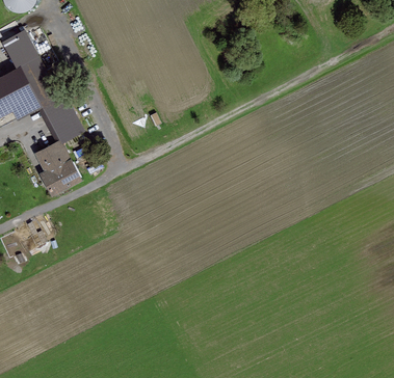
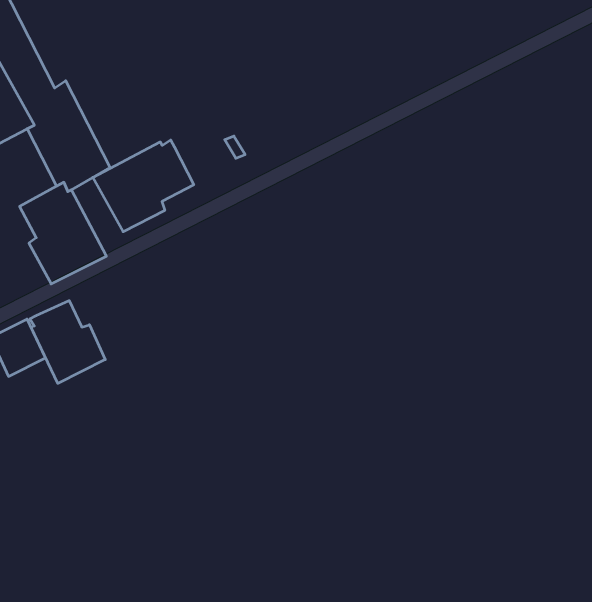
building: none -> [93,140,194,232]
building: none -> [30,301,105,383]

